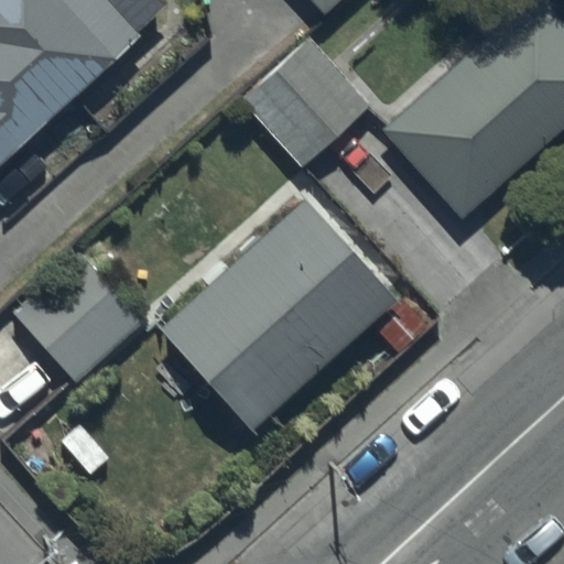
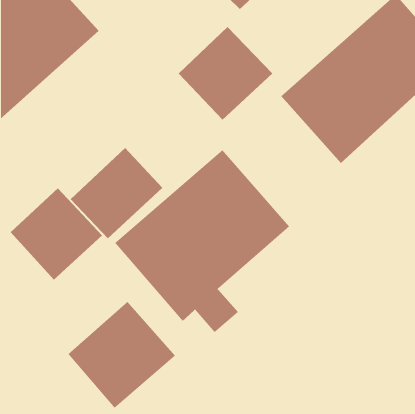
building: none -> [70,147,163,239]
building: none -> [67,301,176,409]

